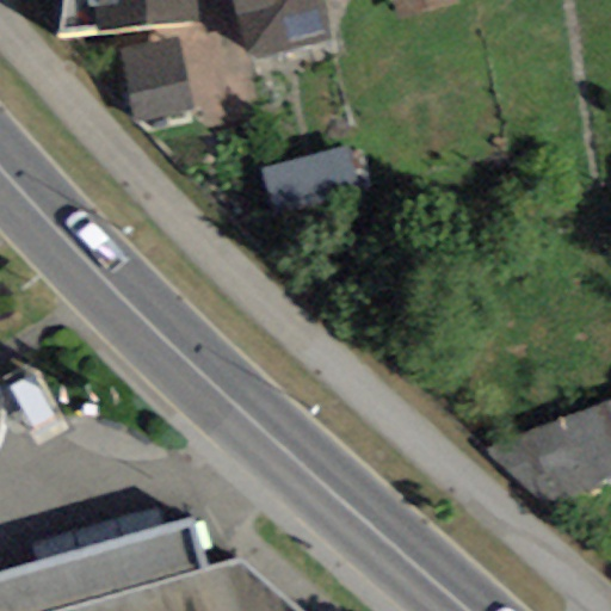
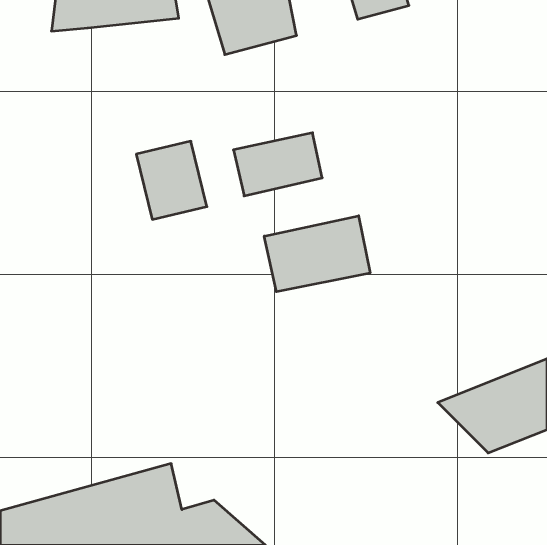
building: [116,36,195,123] -> [136,141,207,219]
building: none -> [264,216,370,292]

